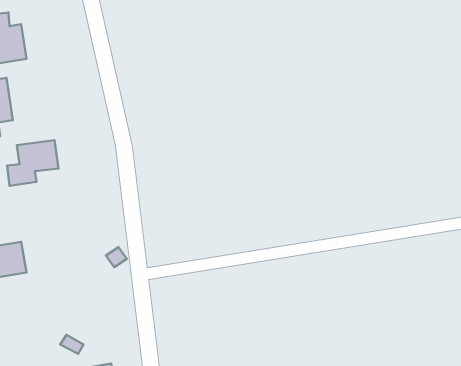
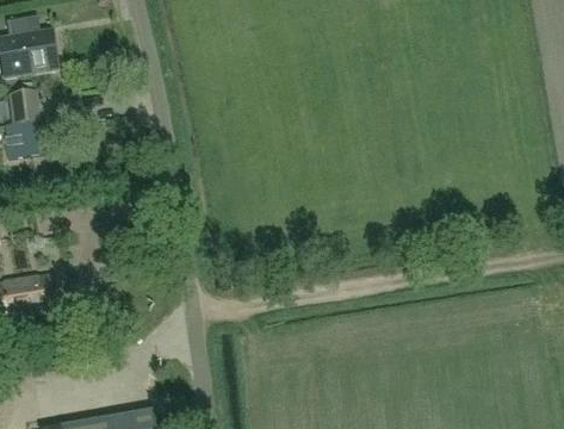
building: [7,140,58,186] -> none

